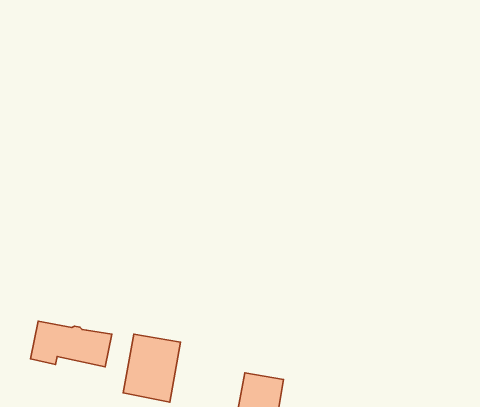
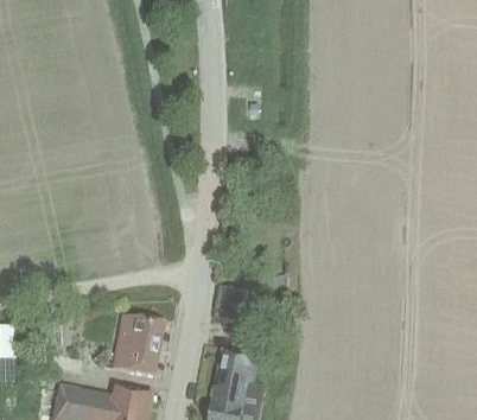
building: [31,321,112,367] -> none

